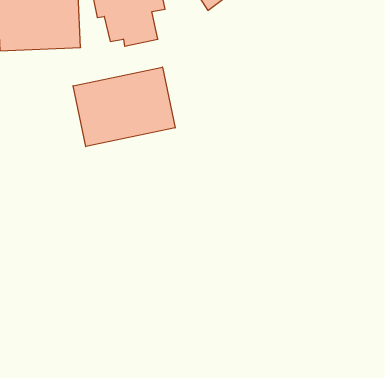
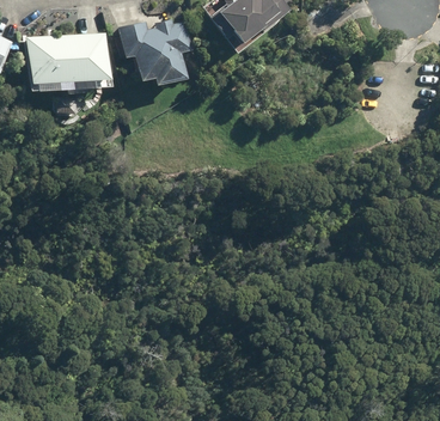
building: [73,67,175,147] -> none

